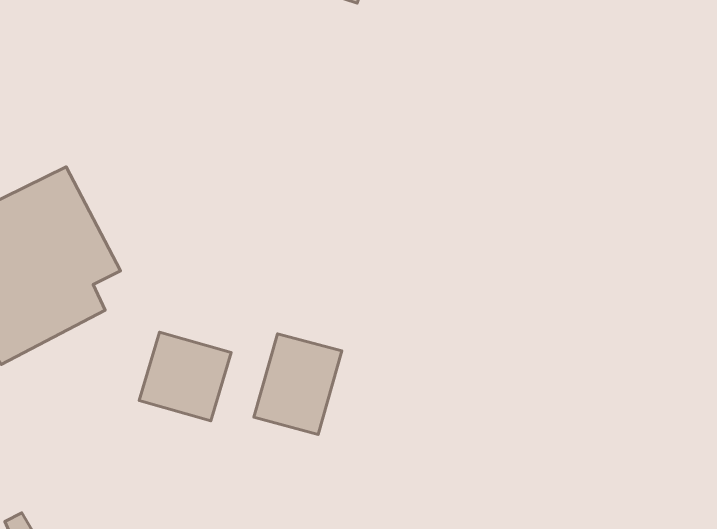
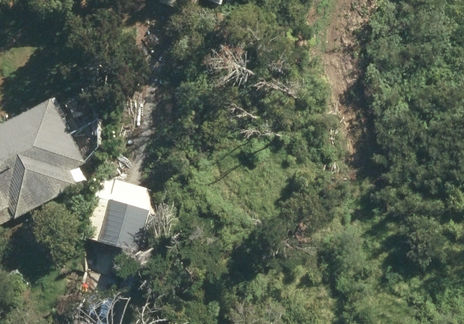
building: [254,334,342,435] -> none

